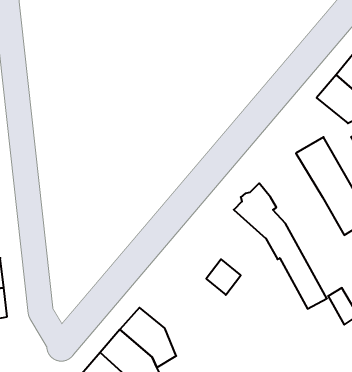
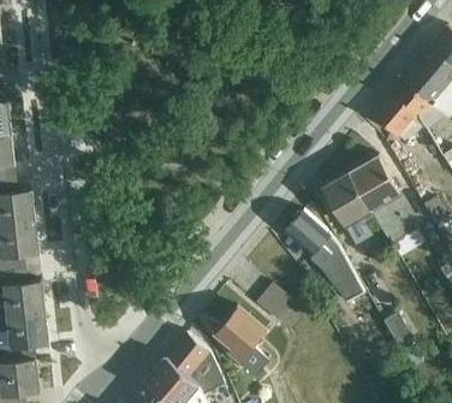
building: none -> [322,171,377,226]
building: none -> [215,306,266,371]

